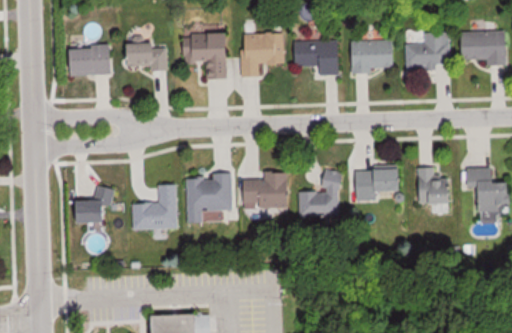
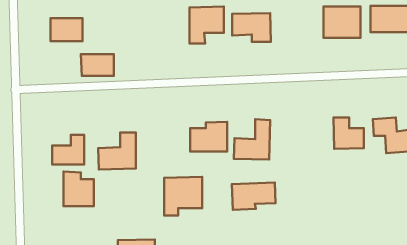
building: [183,34,229,78] -> none
building: [349,40,394,72] -> none
building: [126,43,166,69] -> [81,54,114,76]
building: [349,169,402,202] -> [232,183,276,210]
building: [186,176,232,223] -> [164,177,202,216]
building: none -> [63,172,94,206]

